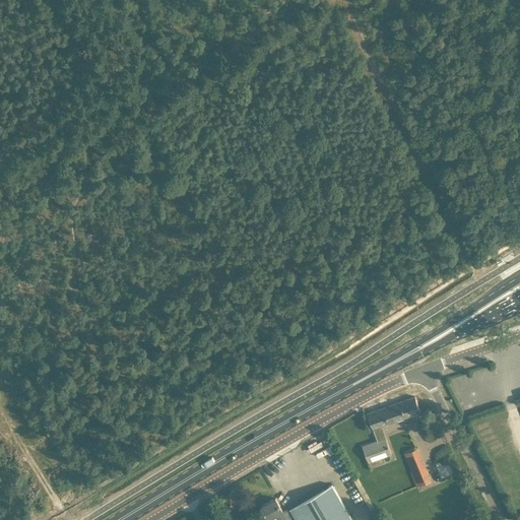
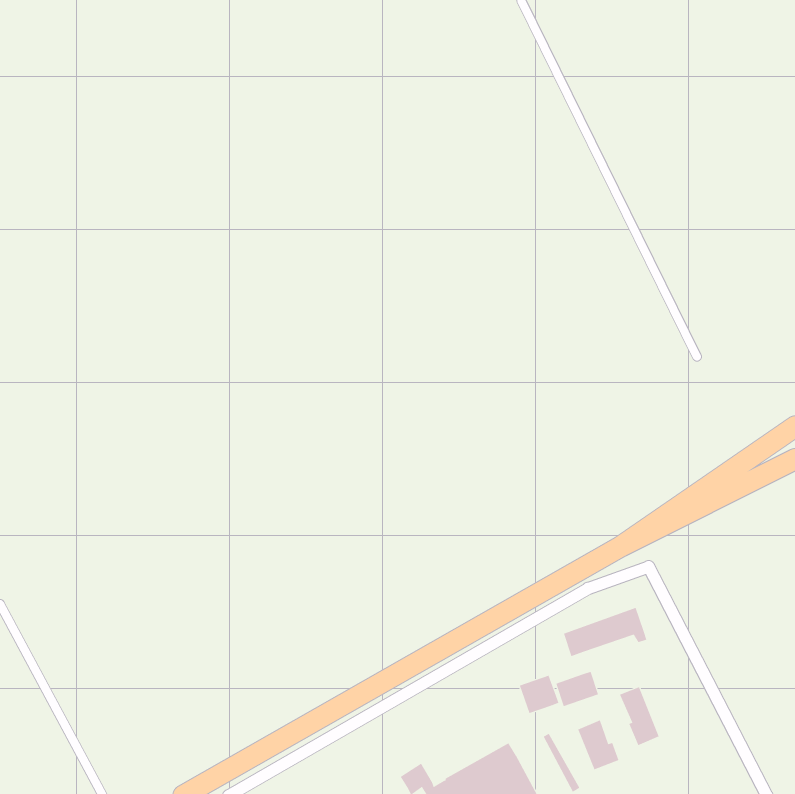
building: none -> [519,675,559,714]
building: none -> [577,720,619,770]

